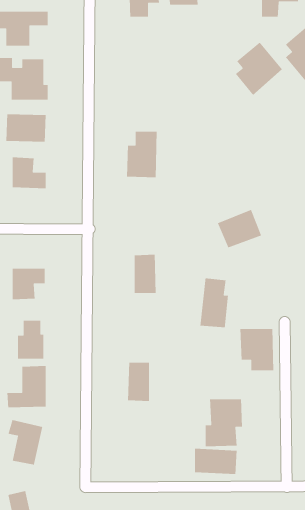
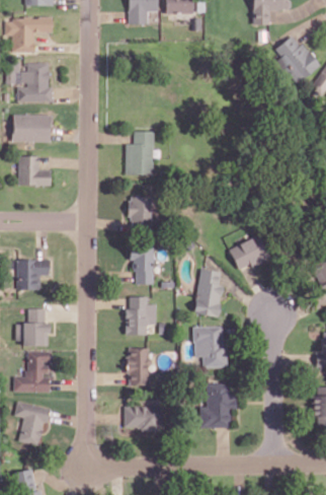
building: [235,41,283,96] -> none
building: none -> [129,197,152,226]
building: [217,209,262,249] -> [229,234,271,272]
building: none -> [125,296,156,335]
building: [240,328,274,371] -> [192,327,225,367]
building: [194,448,237,475] -> [124,406,164,431]

